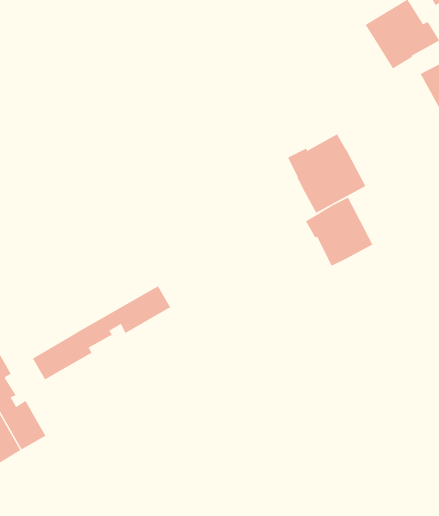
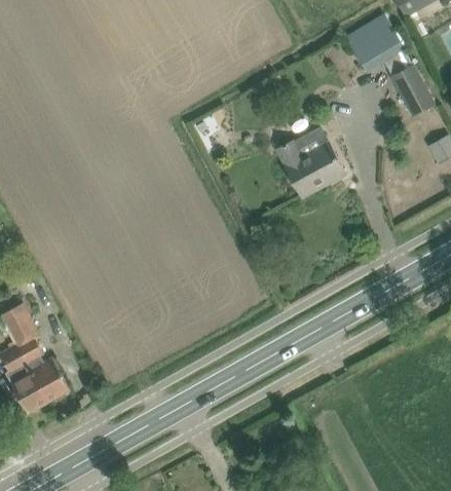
building: [305,197,373,266] -> none
building: [32,285,171,380] -> none

